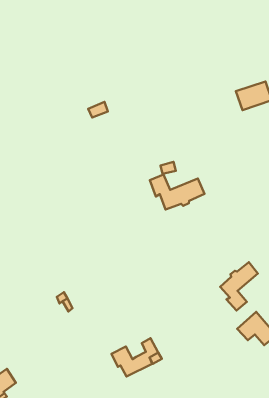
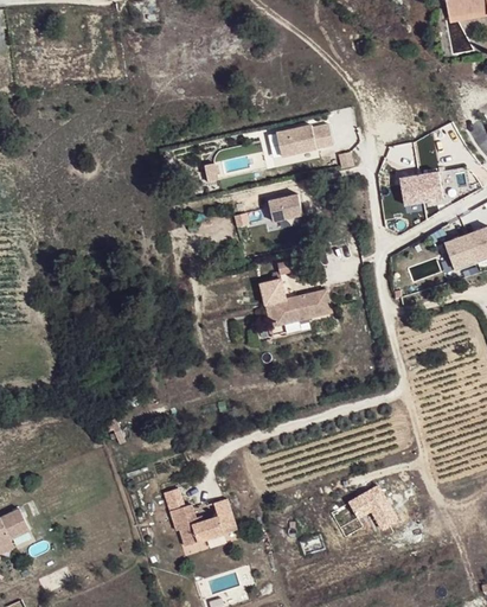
building: none -> [276,123,333,154]
building: none -> [267,194,303,226]
building: [220,262,258,311] -> none

